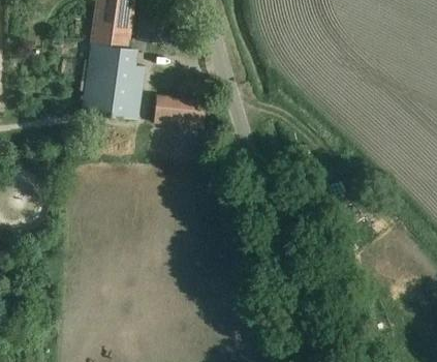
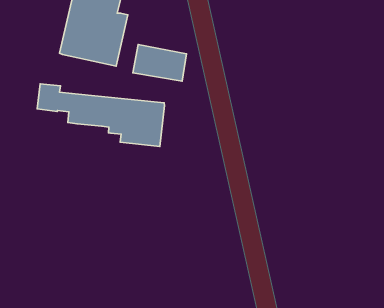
building: none -> [37,84,164,146]

